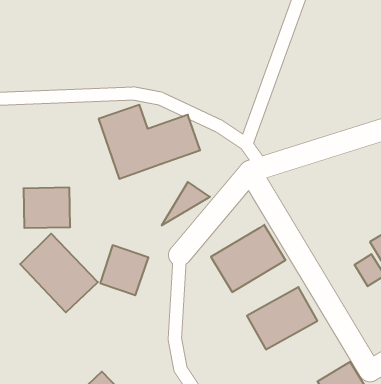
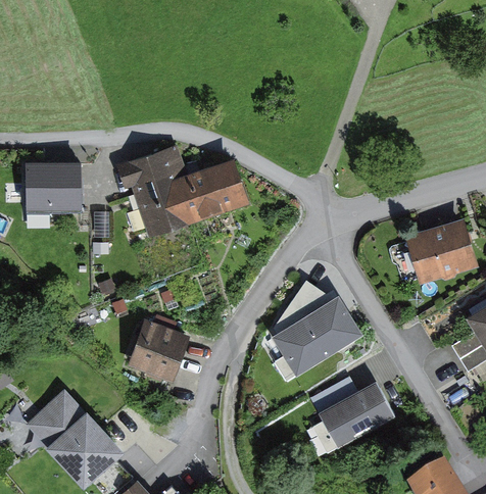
building: none -> [401,216,474,287]
building: [162,182,210,225] -> [268,280,328,334]
building: [23,188,70,228] -> [29,156,87,206]
building: [20,234,98,312] -> [25,390,121,488]

